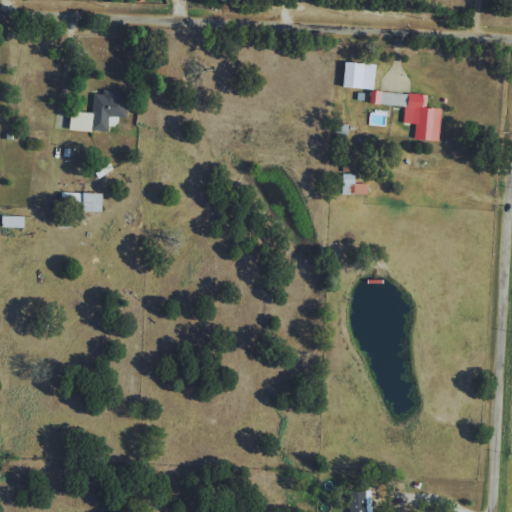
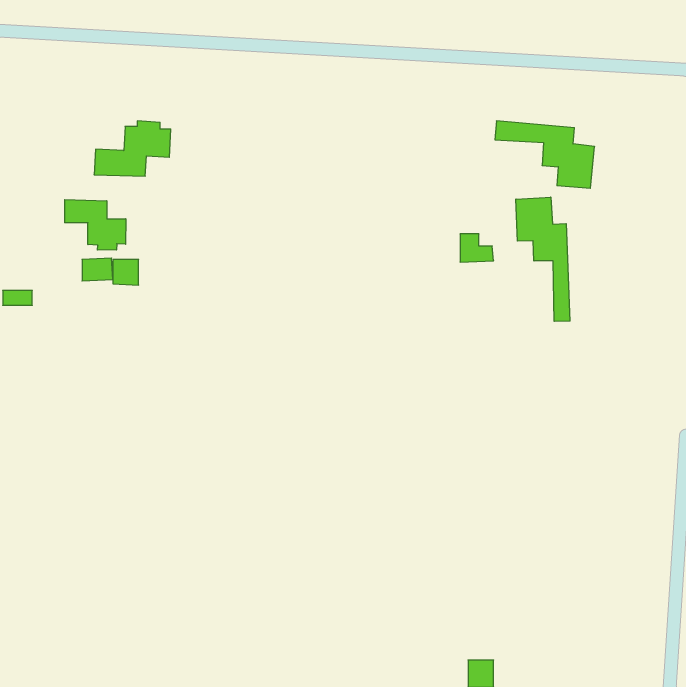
building: [345,62,376,88] -> none
building: none -> [516,197,570,321]
building: none -> [65,200,126,250]

